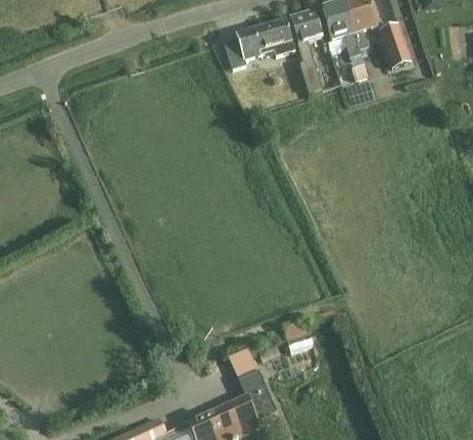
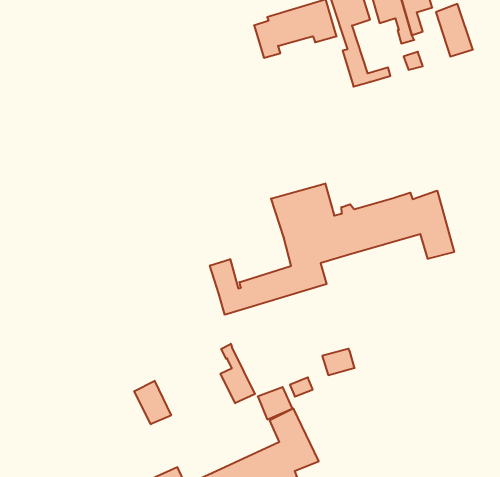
building: none -> [210,183,454,315]
building: none -> [221,344,255,403]
building: none -> [134,381,171,424]

